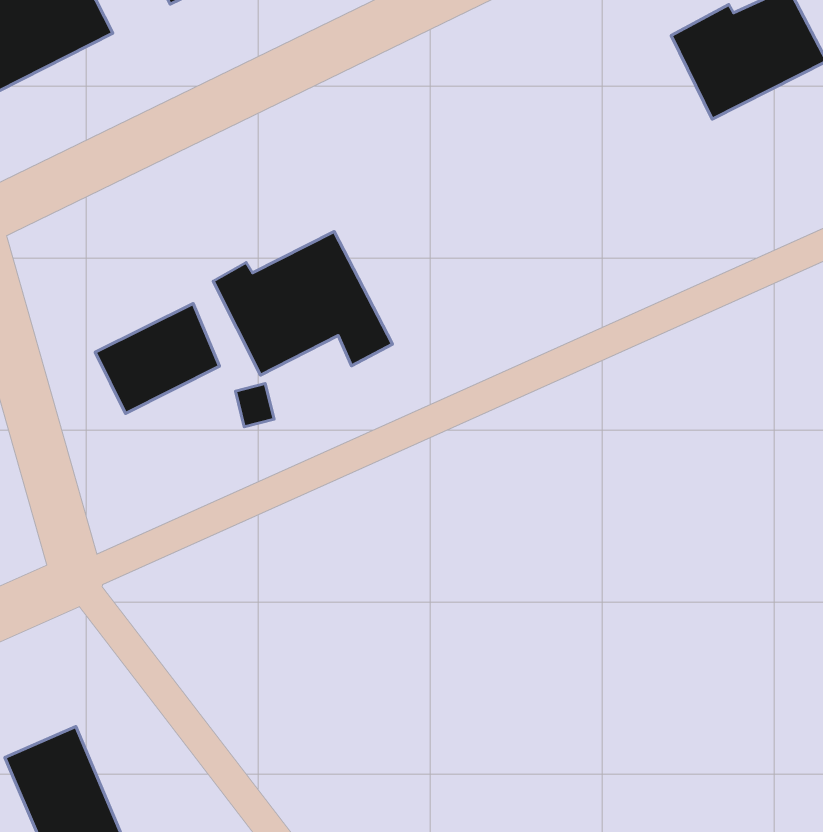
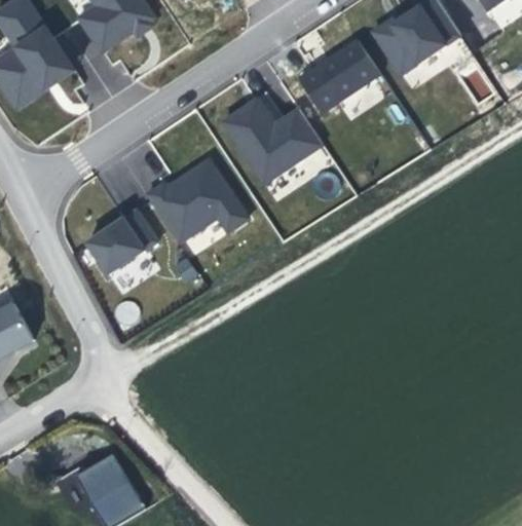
building: none -> [301,41,380,113]
building: none -> [223,101,320,183]

